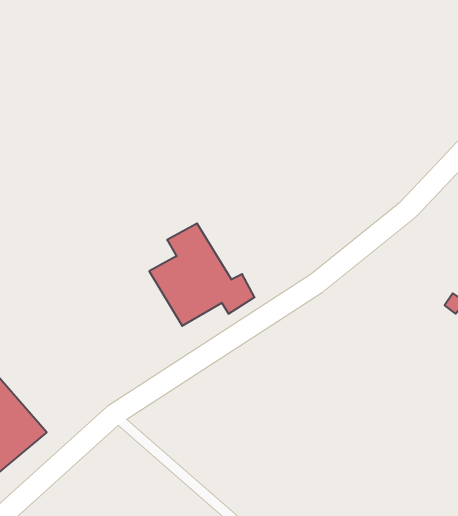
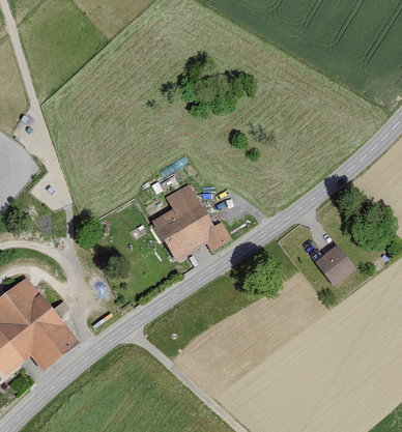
building: none -> [313,242,355,286]

